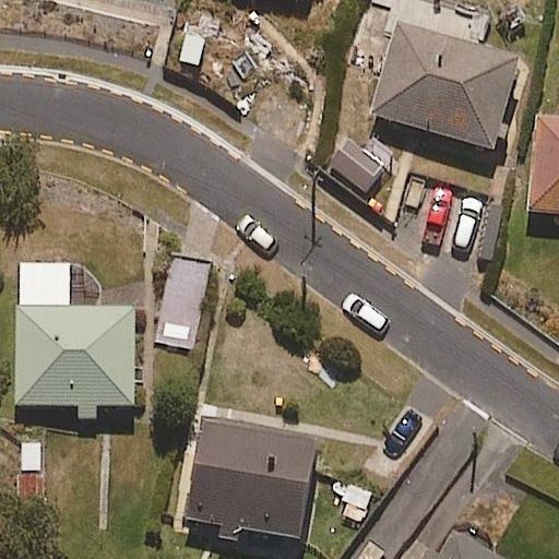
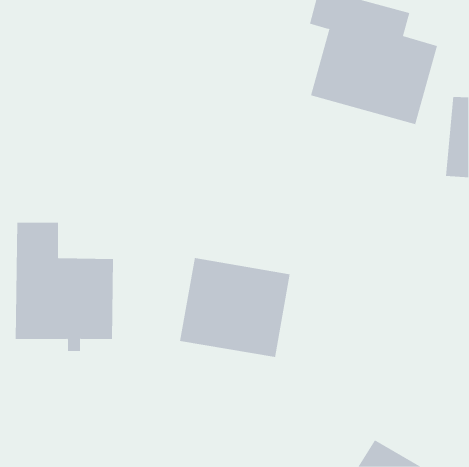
building: [186,418,318,537] -> [179,258,290,358]

